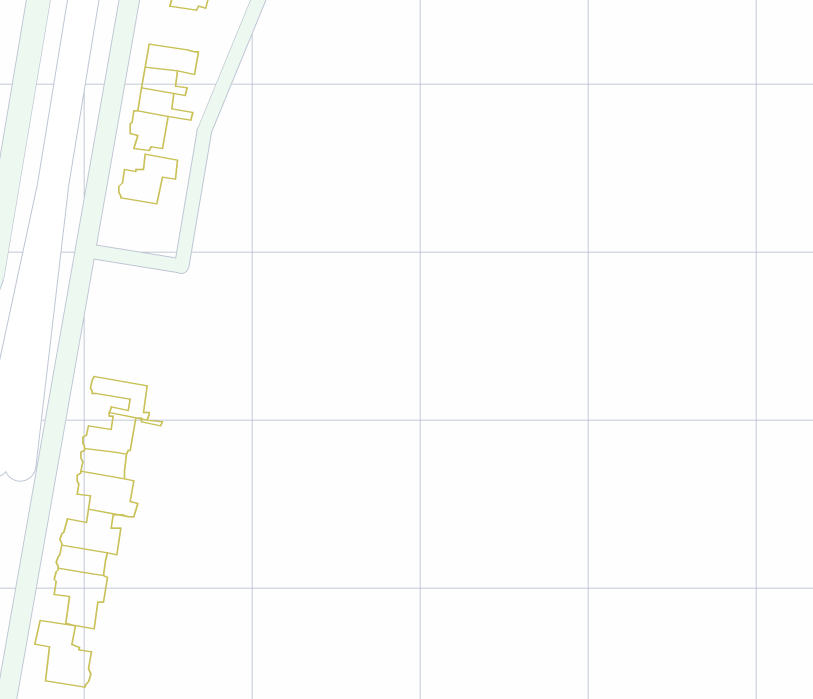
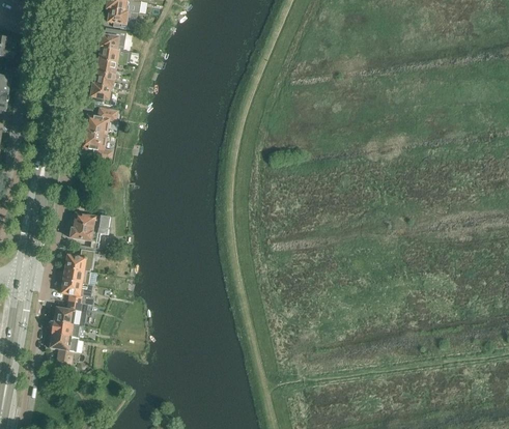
building: none -> [98,27,123,50]
building: none -> [82,131,112,160]
building: none -> [70,212,110,234]
building: [35,621,91,687] -> none

